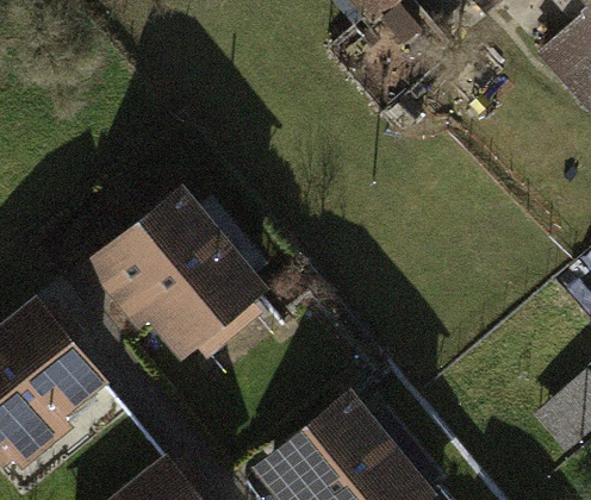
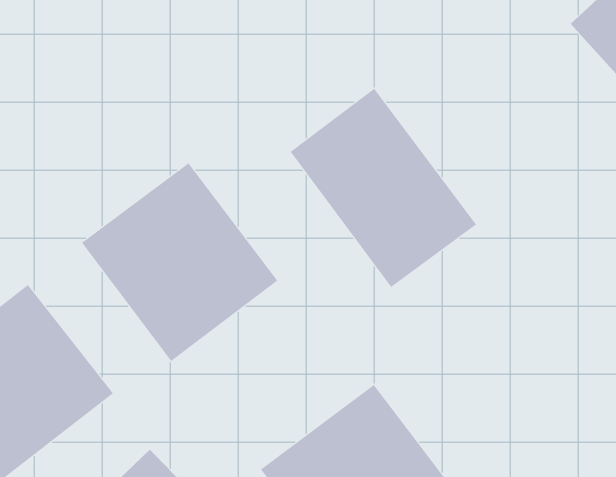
building: none -> [290,88,477,288]

